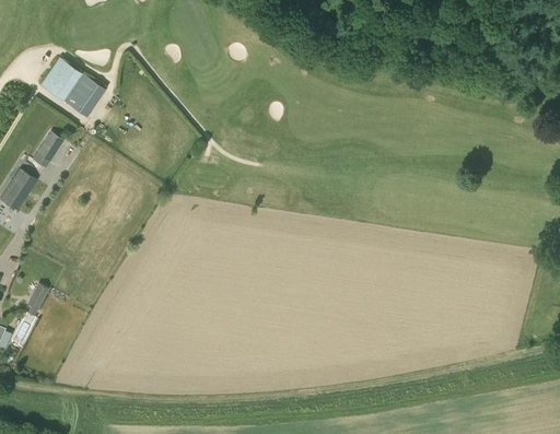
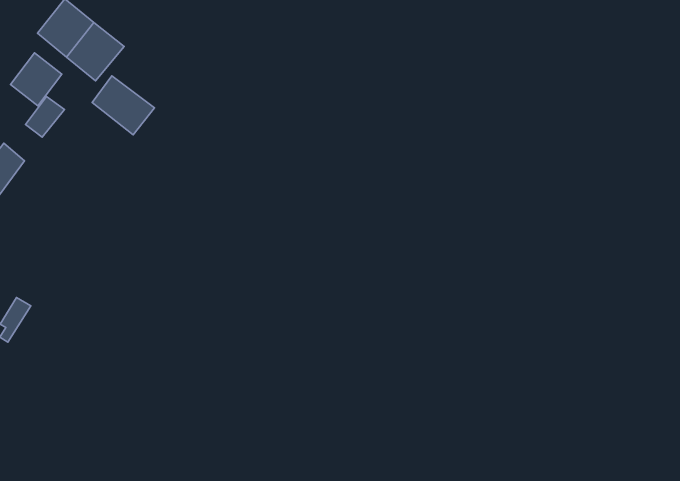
building: none -> [11,53,62,106]
building: none -> [92,76,154,135]

